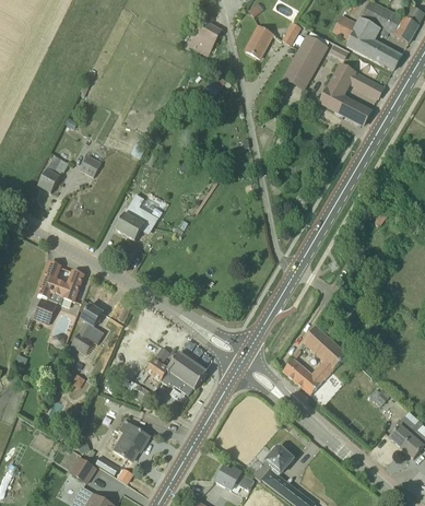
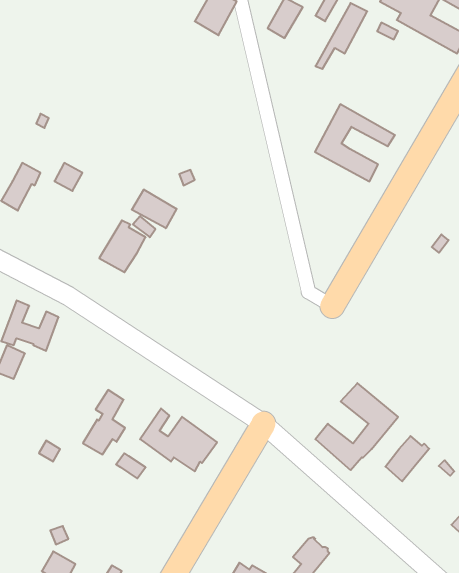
building: [321,64,383,125] -> [315,104,395,181]
building: none -> [132,189,177,228]
building: [71,304,104,354] -> [83,390,125,454]
building: none -> [385,436,429,481]
building: [115,422,150,460] -> none

